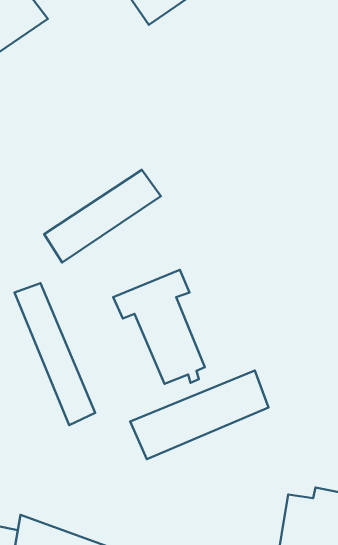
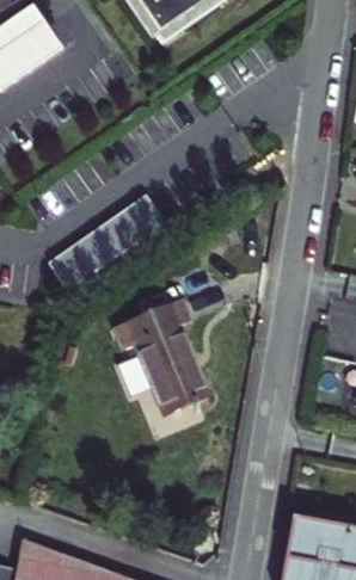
building: [14,283,95,425] -> none
building: [130,371,269,459] -> none

